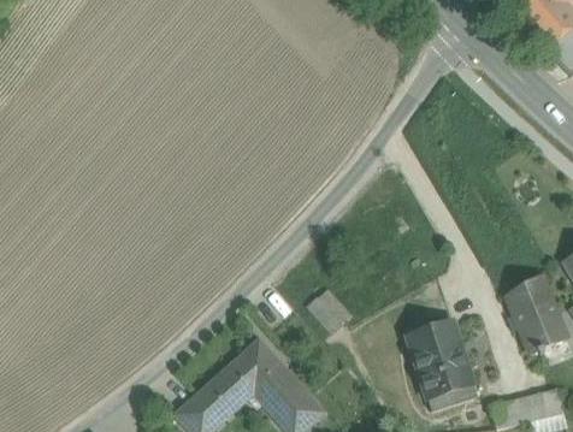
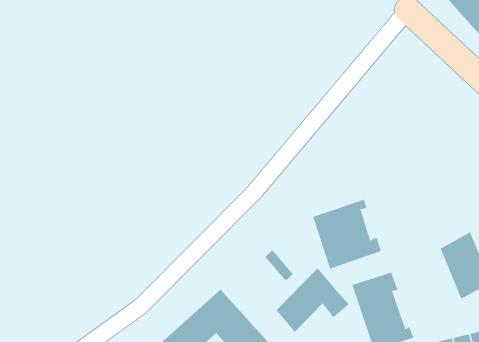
building: none -> [313,199,381,269]
building: none -> [276,268,350,333]

